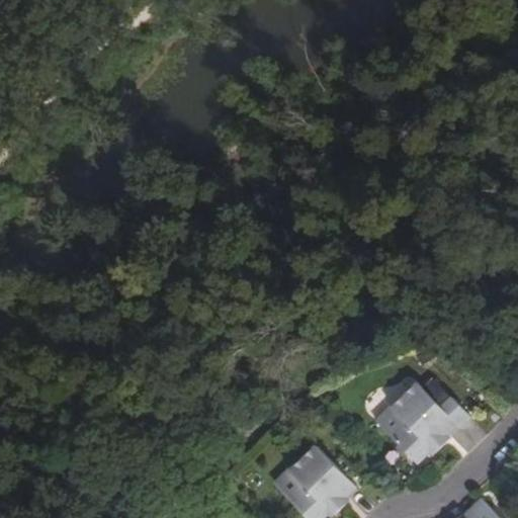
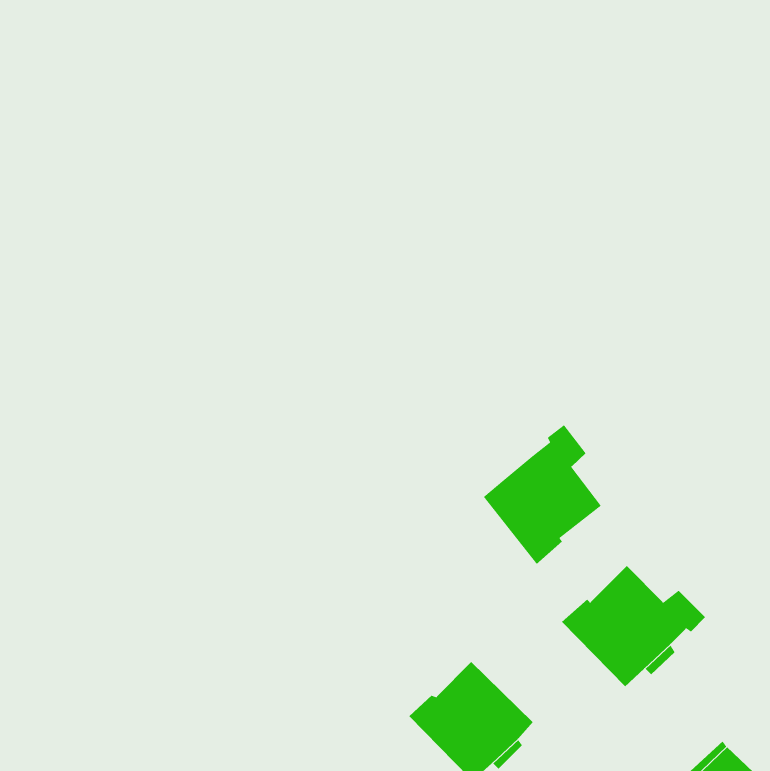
building: none -> [483,424,602,565]

